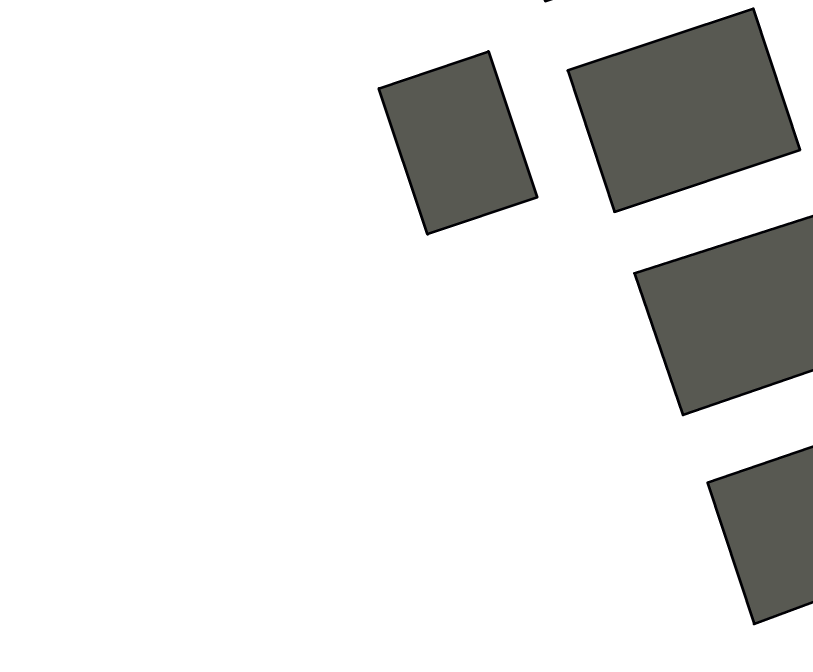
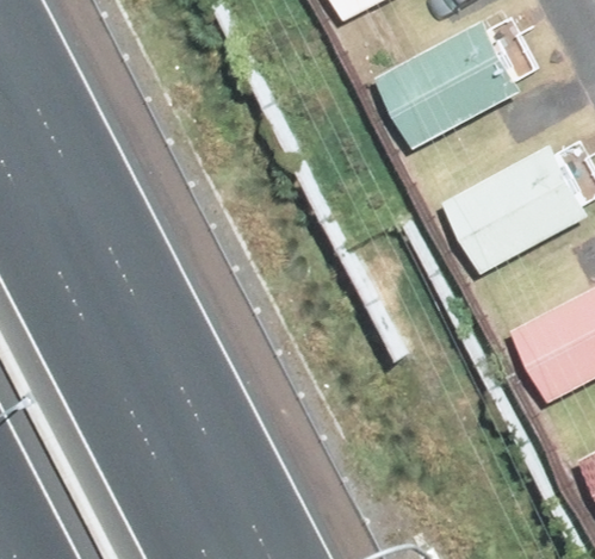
building: [379,51,537,234] -> none

